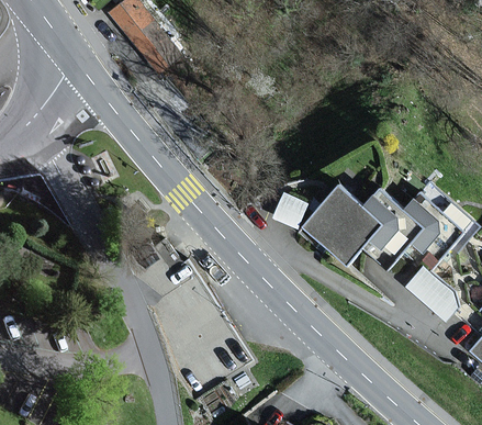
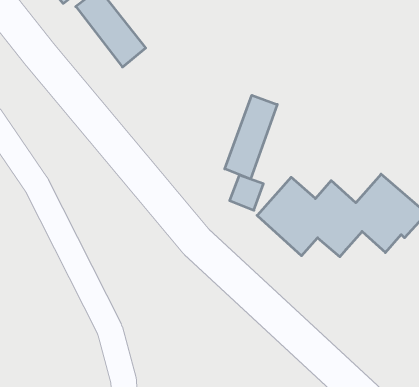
building: none -> [225,95,277,179]
building: [403,260,461,311] -> none

